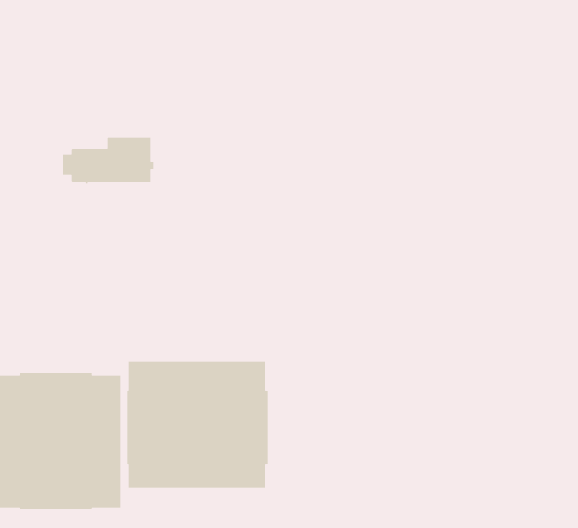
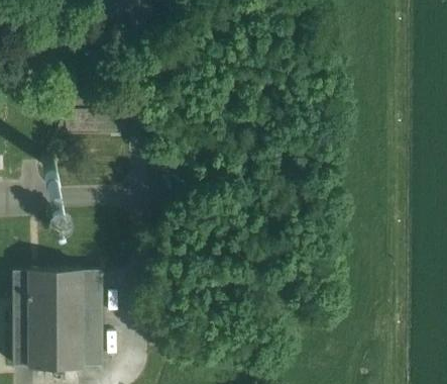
building: [126,361,269,488] -> none

